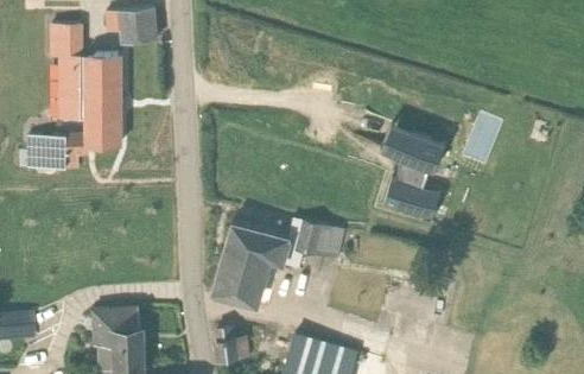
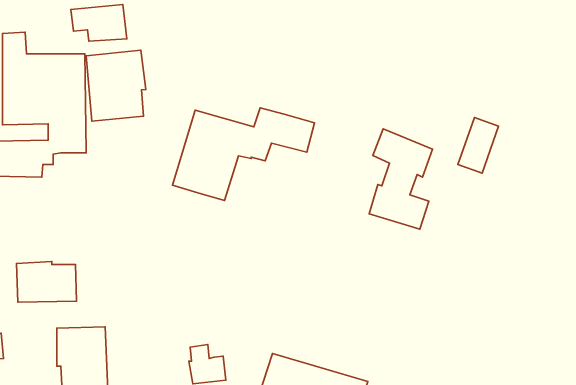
building: none -> [86,50,146,121]
building: [212,218,345,305] -> [172,108,315,200]
building: none -> [17,262,77,302]

